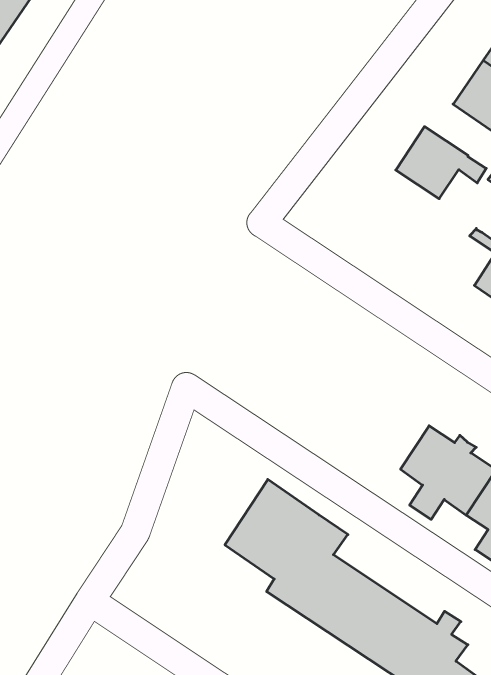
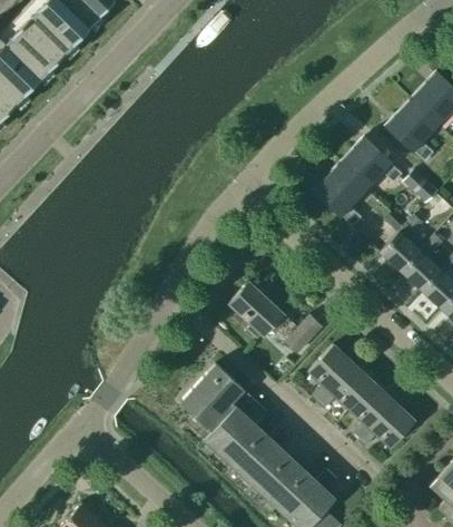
building: none -> [315,165,366,226]
building: none -> [228,283,323,354]

